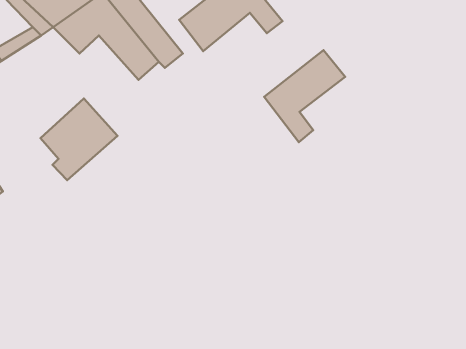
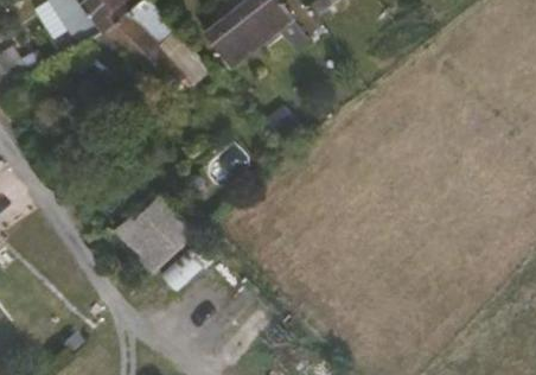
building: [264,50,345,142] -> none
building: [41,99,117,180] -> [122,183,198,263]

